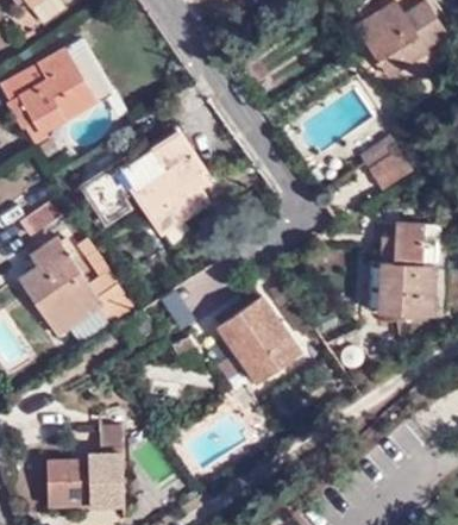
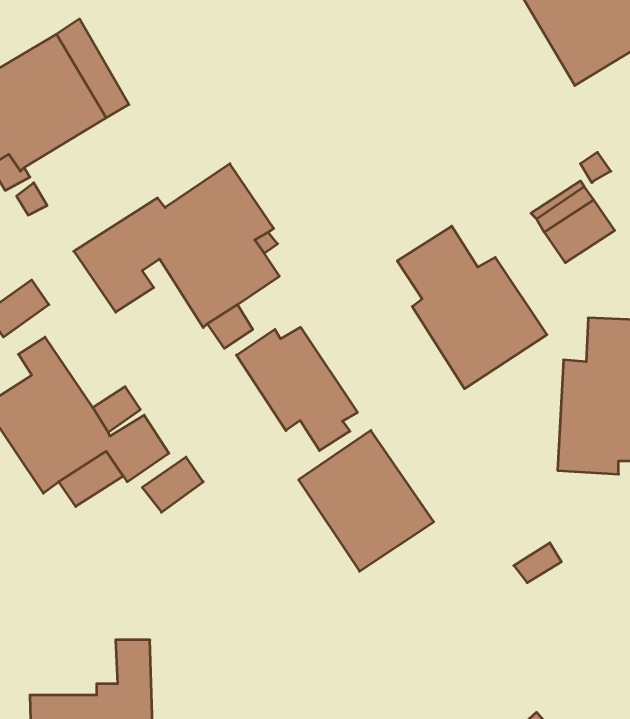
building: none -> [397,226,547,389]
building: none -> [236,327,357,451]

